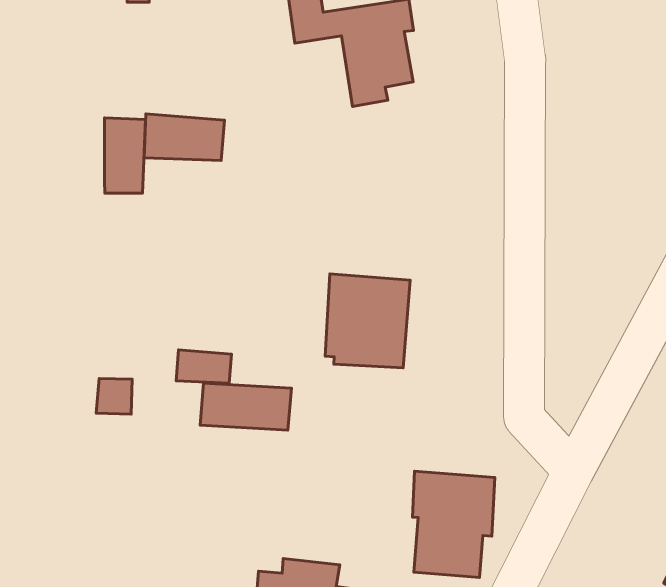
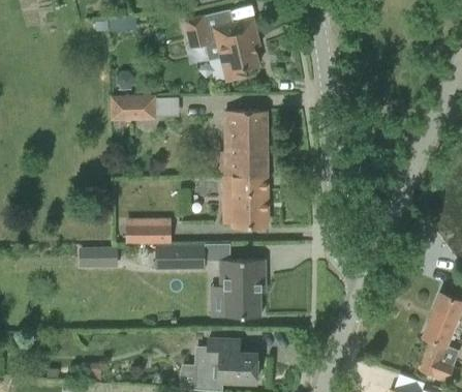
building: [104,118,146,193] -> none
building: none -> [218,111,268,177]
building: [413,471,495,577] -> [220,259,267,315]

